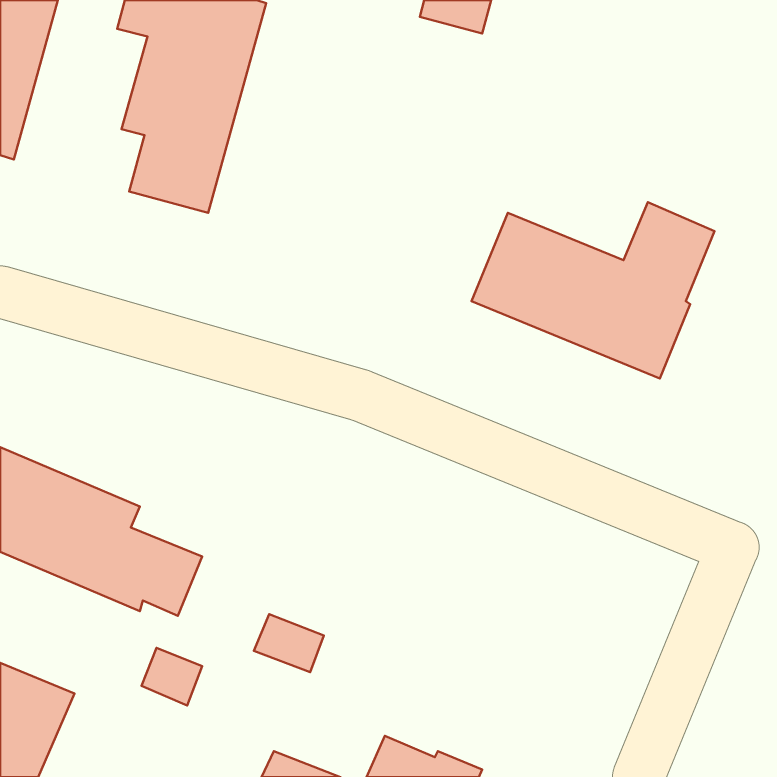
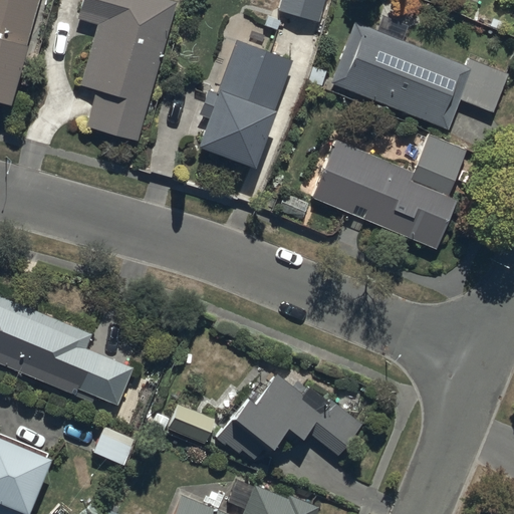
building: none -> [330,22,507,131]
building: none -> [196,40,292,169]
building: none -> [216,375,362,461]

